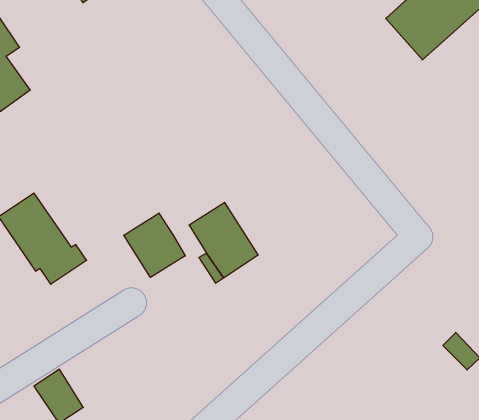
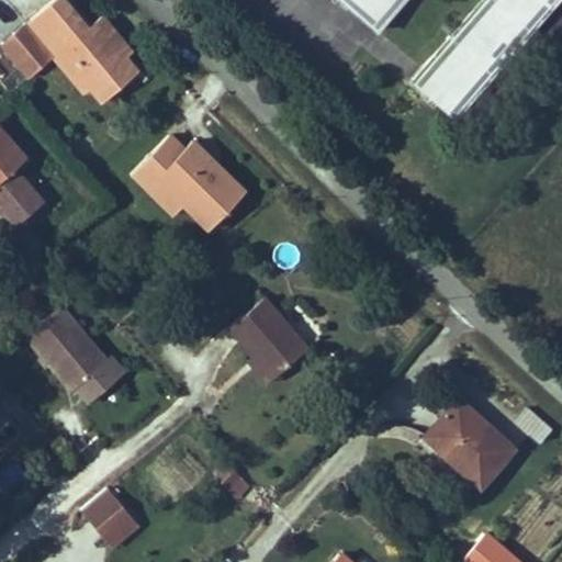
building: none -> [132,134,248,226]
building: [124,213,185,277] -> none
building: none -> [415,397,508,488]

